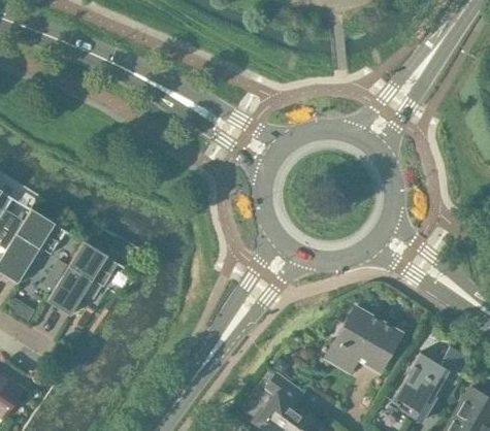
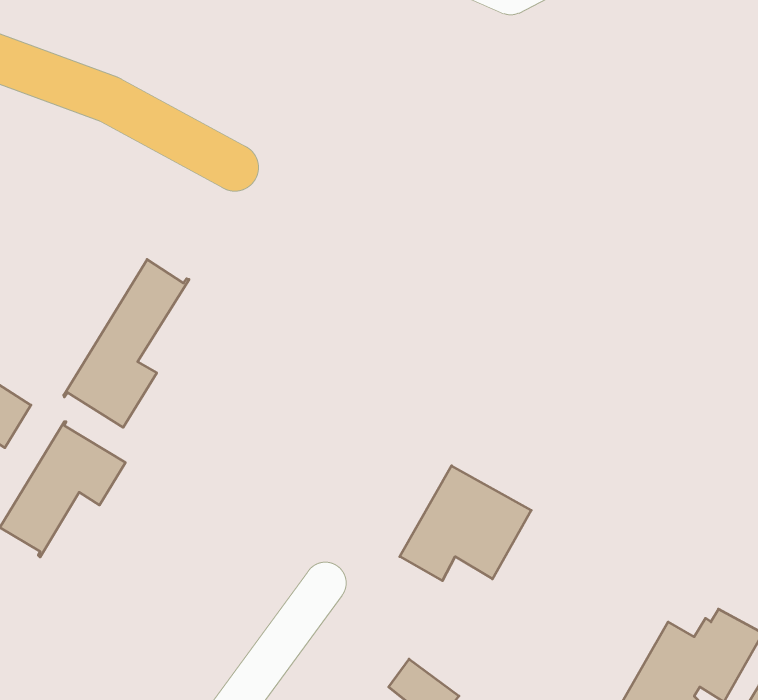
building: none -> [64,259,189,427]
building: [326,306,399,370] -> [400,466,531,581]

